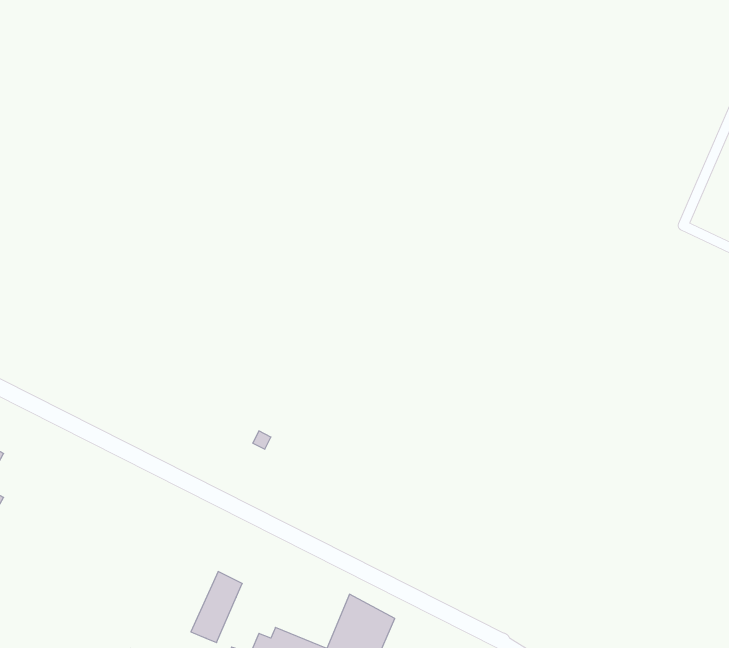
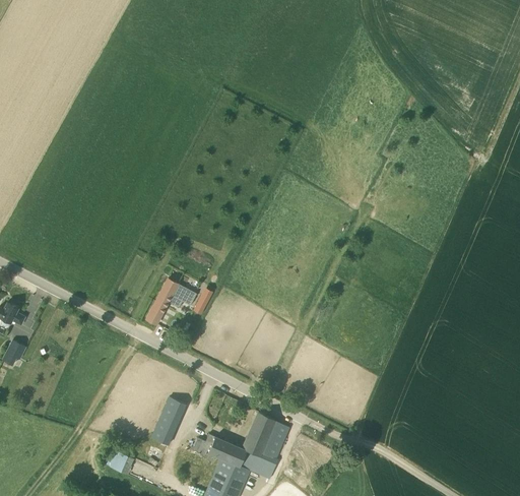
building: none -> [145,277,197,325]

